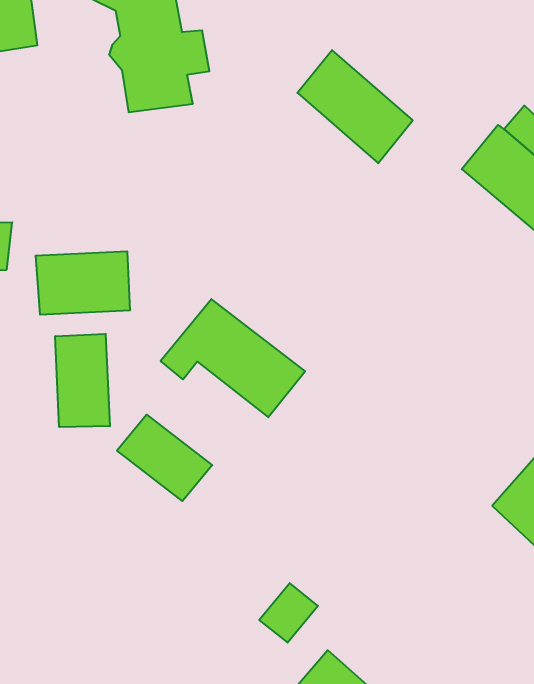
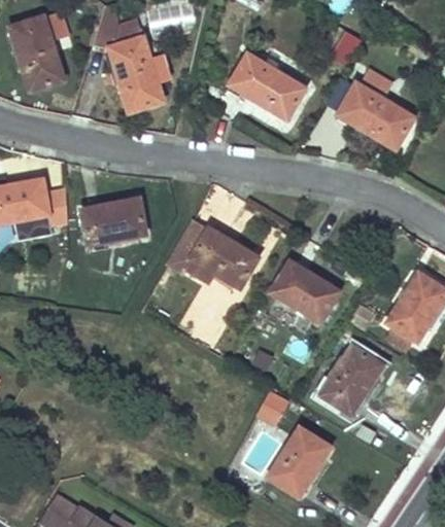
building: [55,334,110,427] -> none
building: none -> [271,260,339,322]
building: [117,415,212,501] -> none
building: none -> [320,346,382,414]

